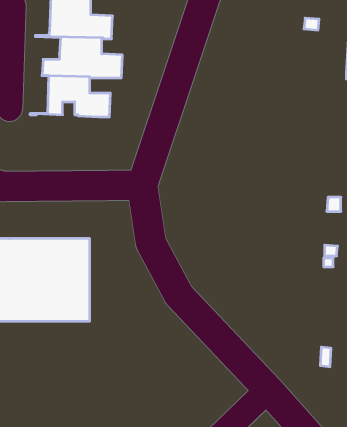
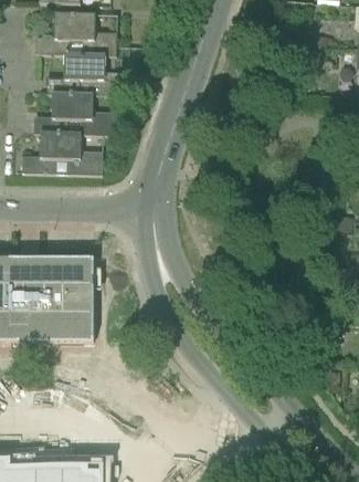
building: none -> [22,130,104,172]

